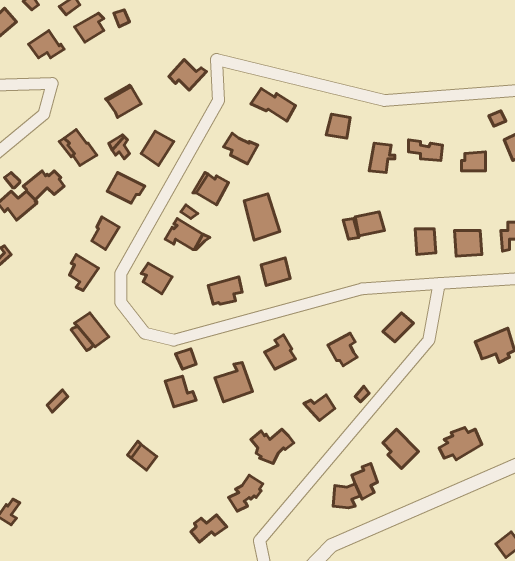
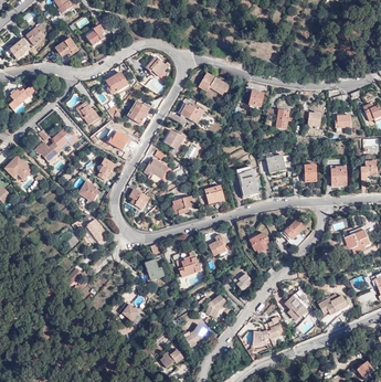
building: [244,194,280,240] -> [235,165,258,194]

